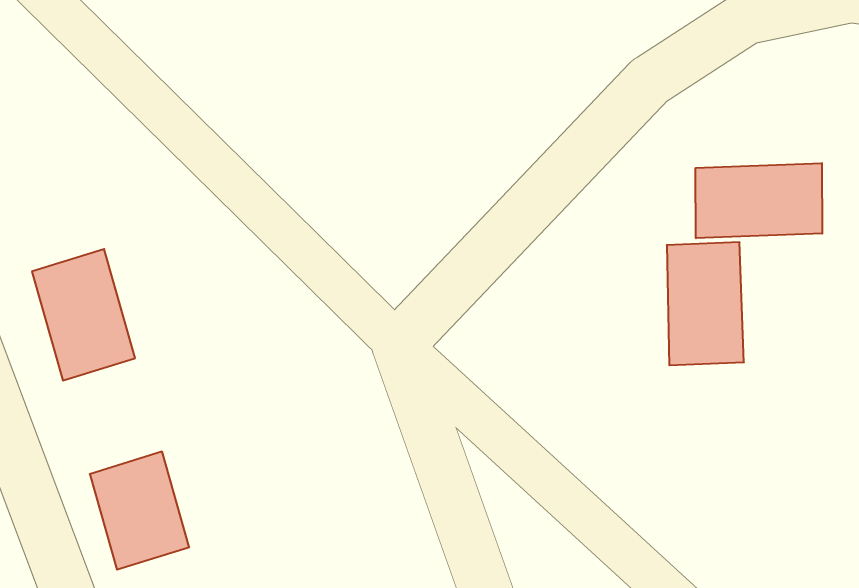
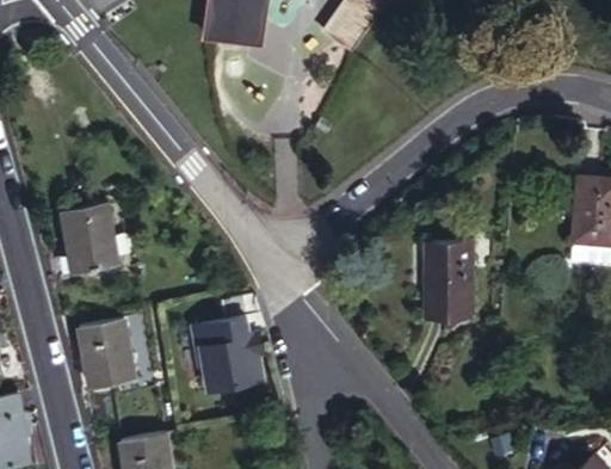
building: [696,163,822,238] -> none
building: none -> [192,304,276,401]

